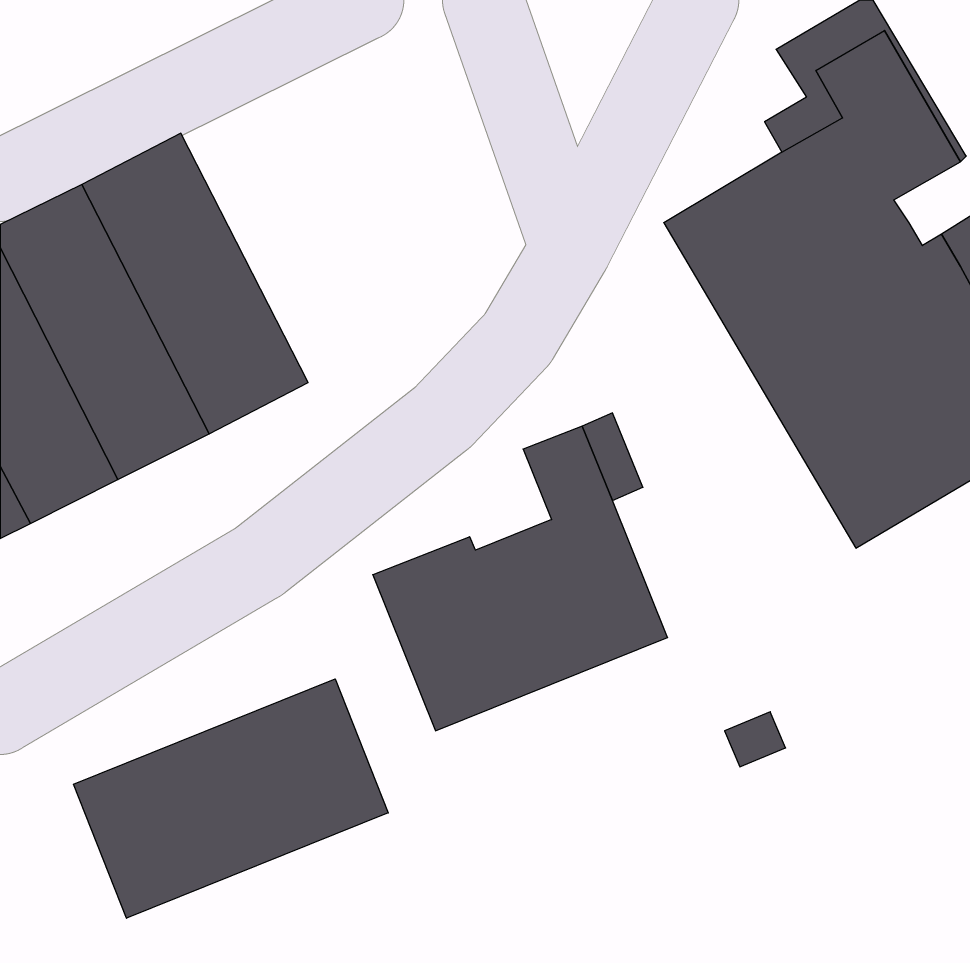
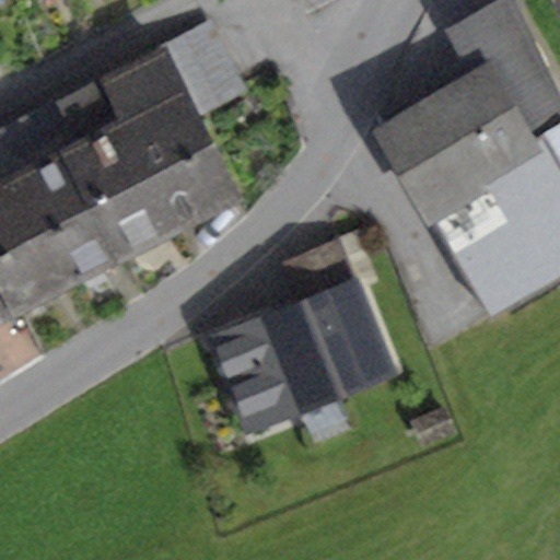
building: none -> [105,35,241,225]
building: [73,679,388,918] -> none

